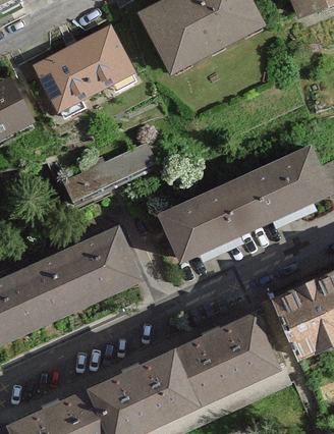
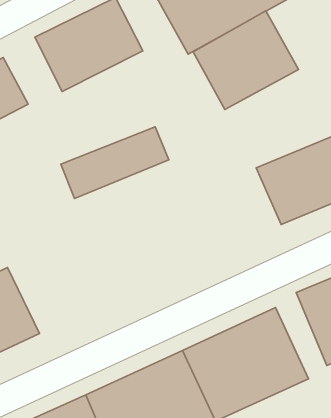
building: none -> [193,11,298,110]
building: [159,179,258,263] -> none
building: [12,222,141,328] -> none

